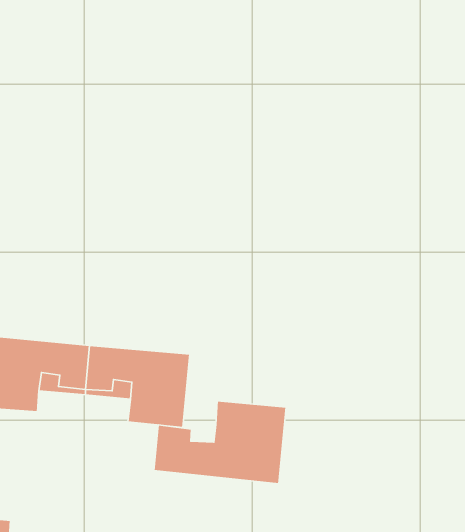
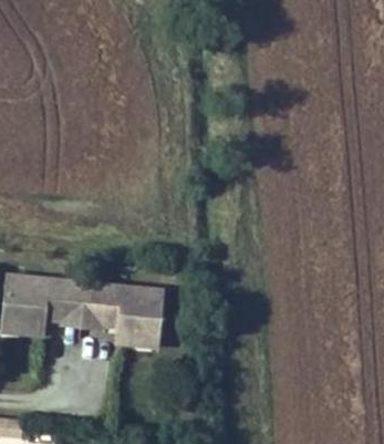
building: [154,401,286,484] -> none

